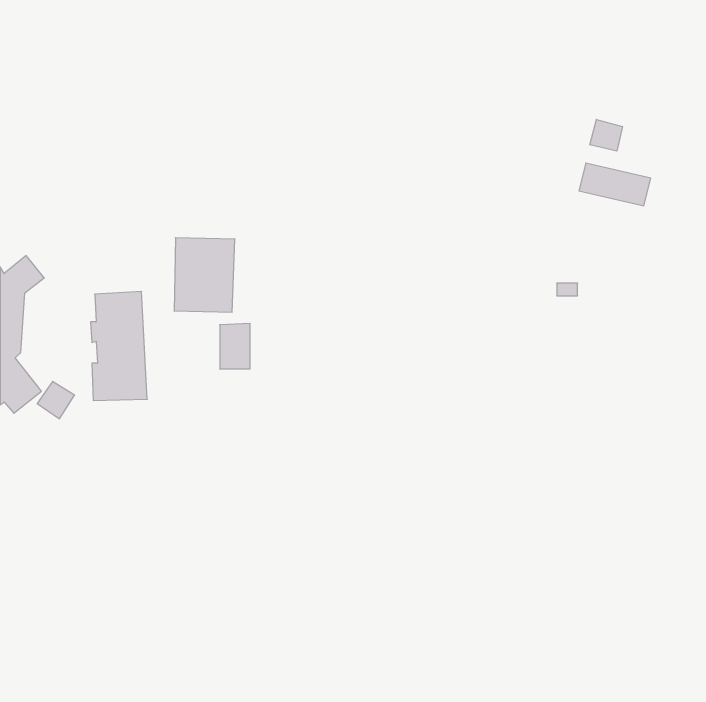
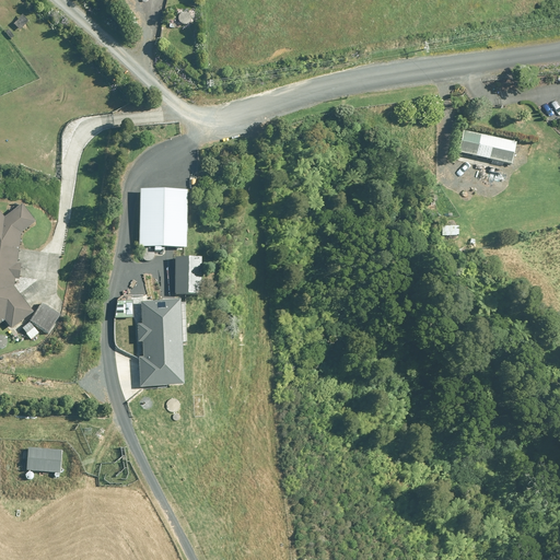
building: [590,119,623,151] -> none
building: [91,291,147,401] -> [137,300,182,386]
building: none -> [26,446,61,471]

